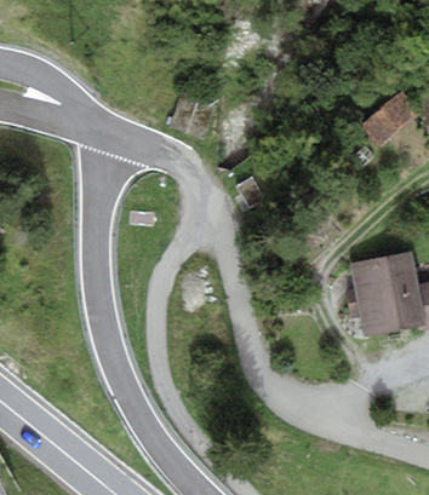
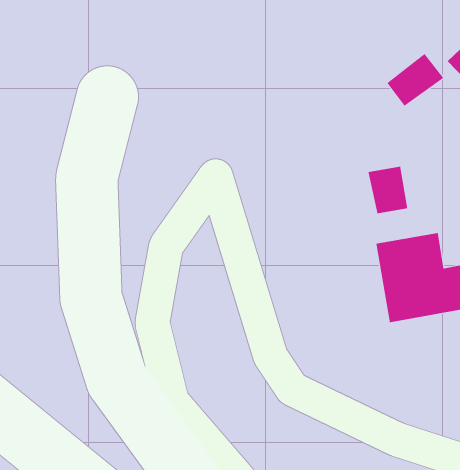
building: none -> [368,166,408,214]

